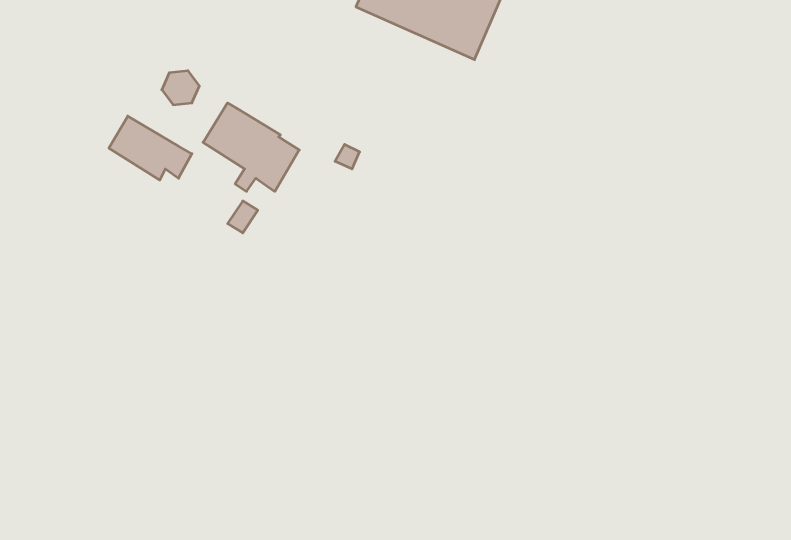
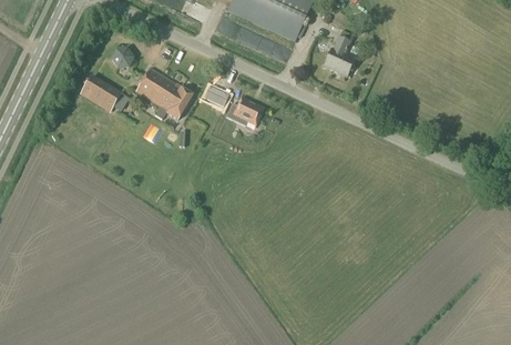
building: none -> [324,33,354,74]
building: none -> [225,95,264,124]

